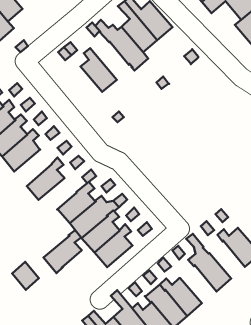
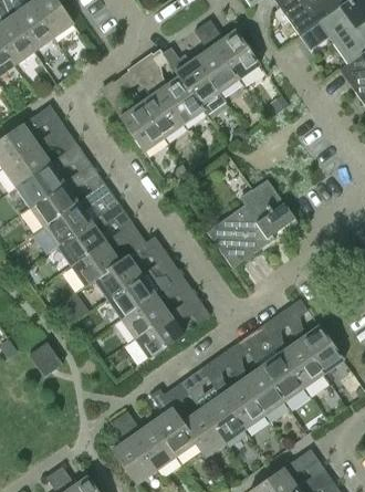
building: none -> [154,74,205,124]
building: none -> [113,102,164,151]
building: none -> [207,178,298,268]
building: none -> [43,196,93,247]
building: [44,230,81,273] -> [71,234,121,286]
building: none -> [272,338,323,387]
building: none -> [233,366,284,415]

